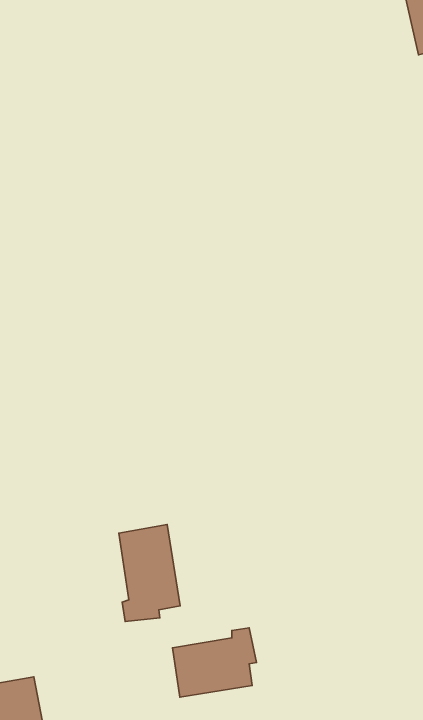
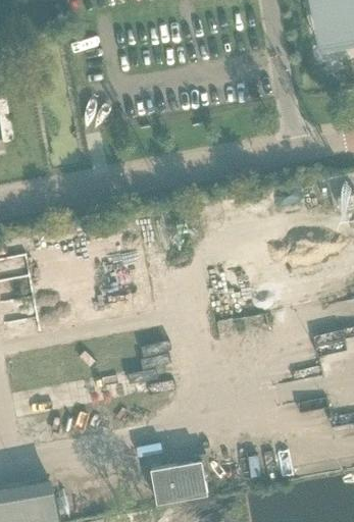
building: [119,525,180,622] -> none

